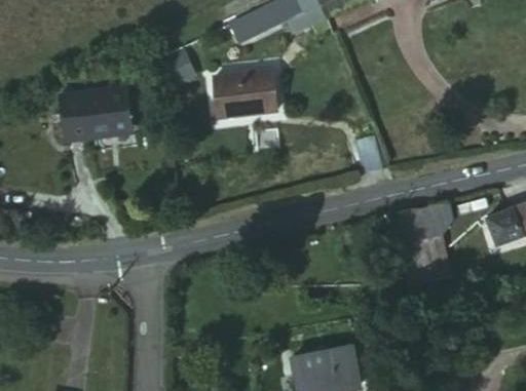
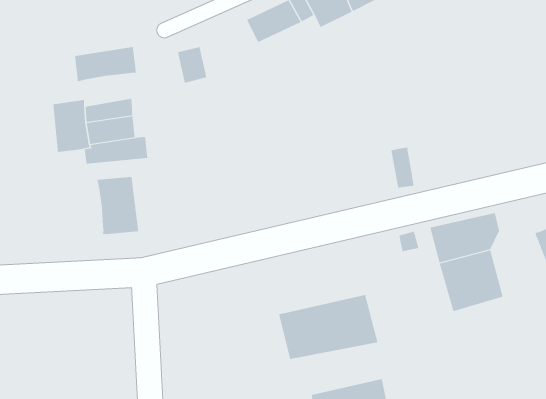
building: none -> [74,46,136,82]
building: [208,76,272,123] -> none
building: none -> [97,176,139,235]
building: none -> [278,294,378,360]

